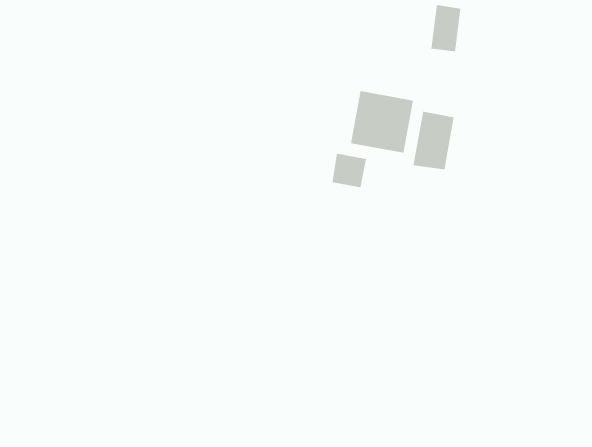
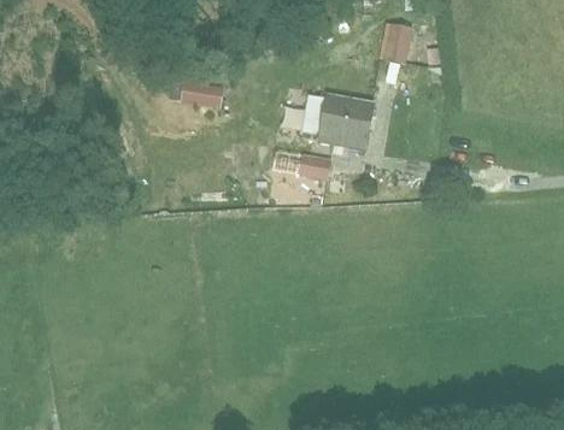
building: none -> [181,83,222,110]
building: [413,111,454,170] -> none

